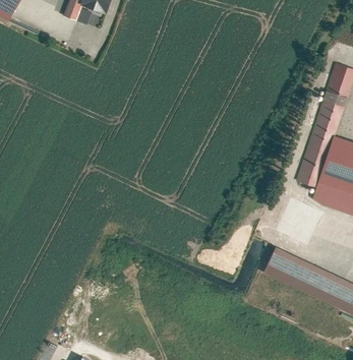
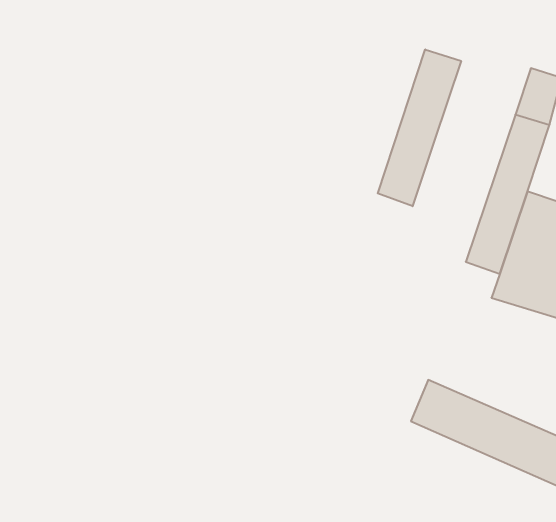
building: none -> [378,49,461,206]

